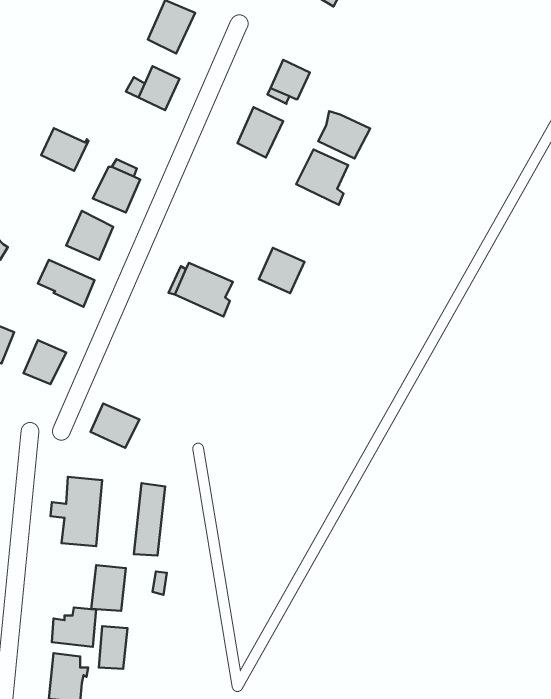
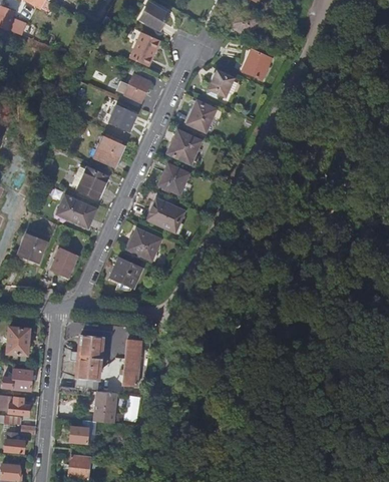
building: [318,111,370,159] -> [238,48,271,78]
building: [41,128,88,171] -> [109,106,139,133]
building: [296,150,348,205] -> [168,130,202,165]
building: [259,248,304,293] -> [158,163,187,192]
building: none -> [131,226,161,259]
building: [91,404,139,448] -> [111,258,142,286]
building: [99,626,127,669] -> none

